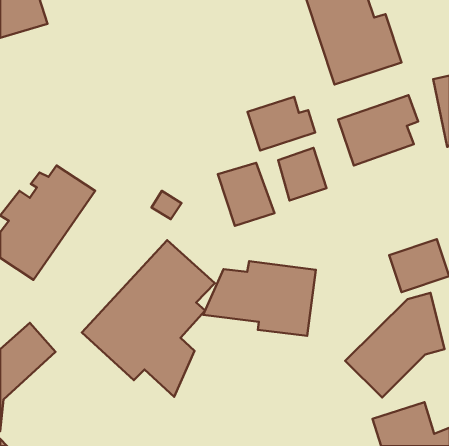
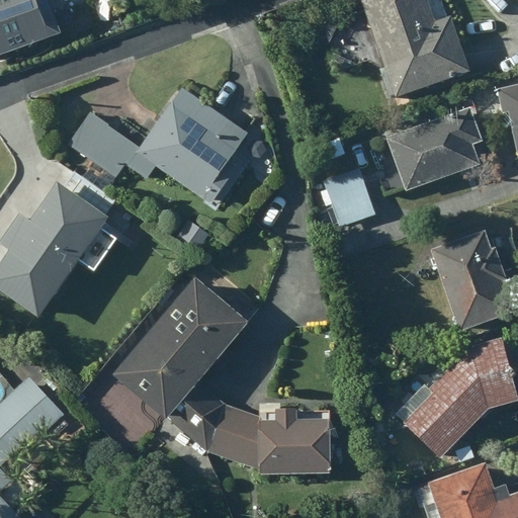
building: none -> [66,83,242,201]
building: [248,97,315,151] -> none
building: [218,163,274,226] -> none
building: none -> [434,234,503,293]
building: [203,261,316,336] -> [201,395,331,481]

